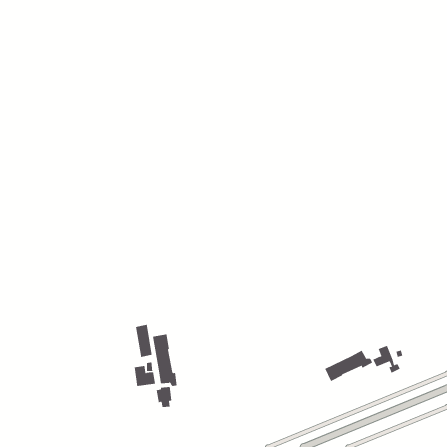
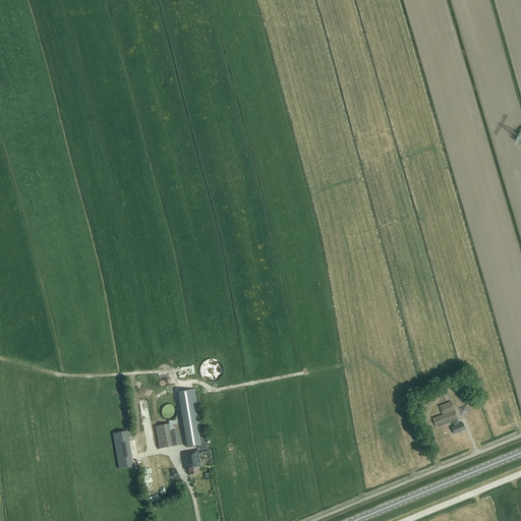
building: [135,324,153,357] -> [113,429,133,468]
building: [324,350,373,382] -> none

